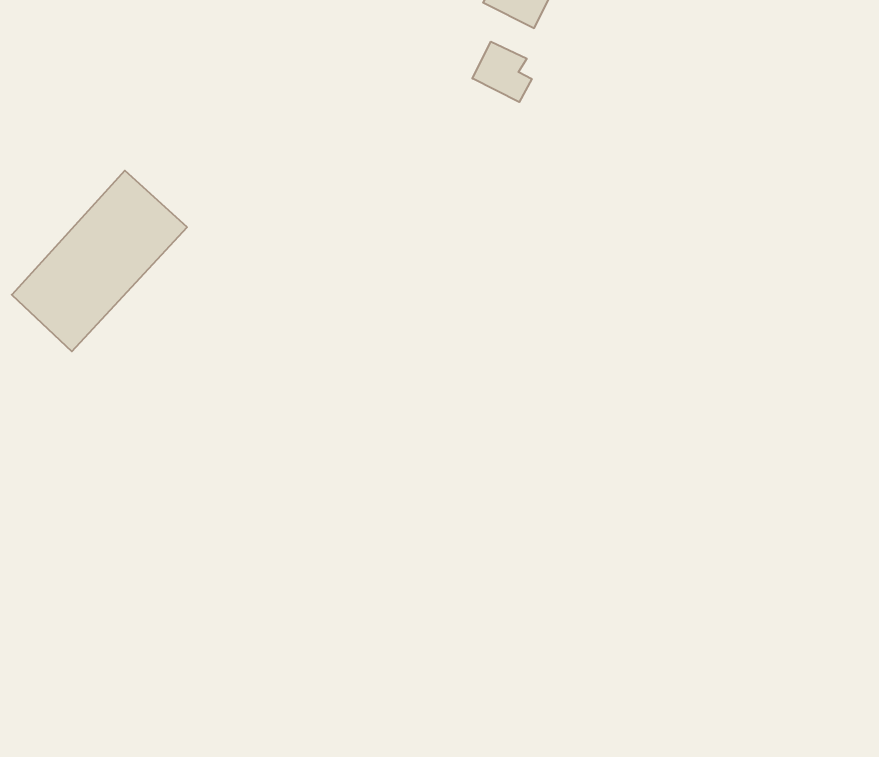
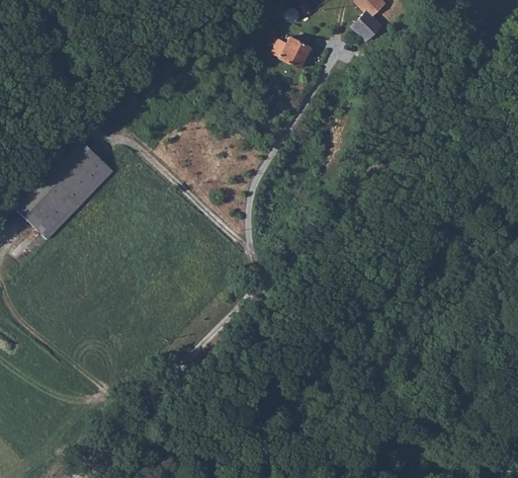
building: [472,42,532,102] -> none

